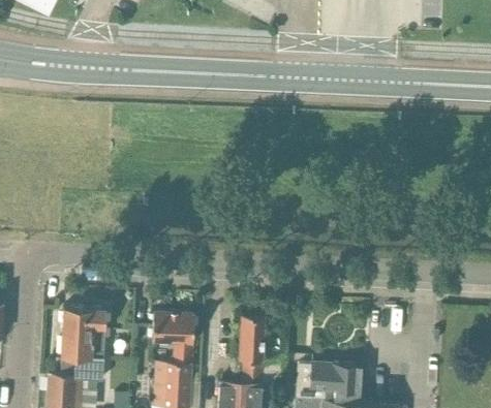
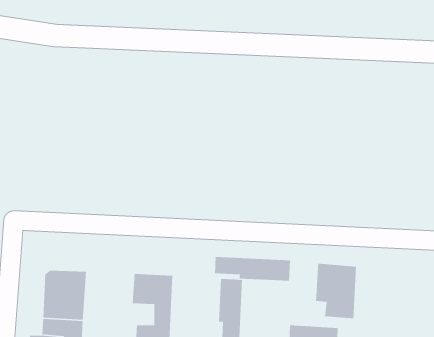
building: none -> [214,256,291,281]
building: none -> [315,263,357,319]

